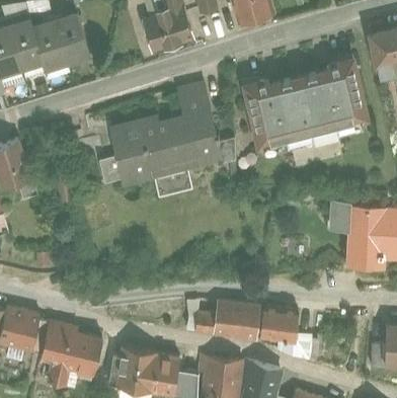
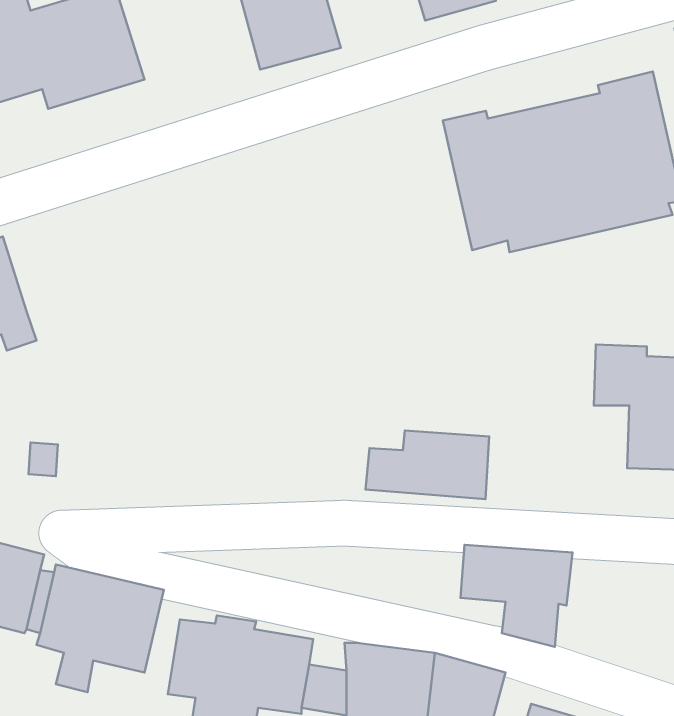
building: [96,87,221,198] -> none
building: [192,297,256,332] -> [366,430,489,499]

